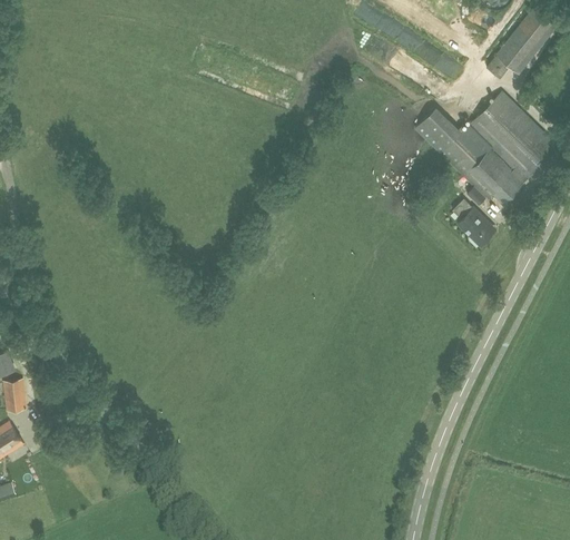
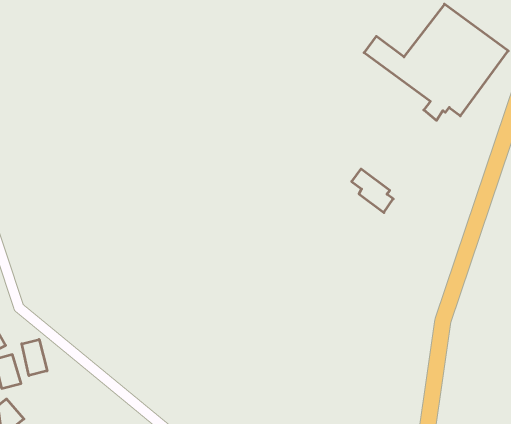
building: [453,197,492,244] -> [352,169,393,213]
building: none -> [22,339,47,376]

